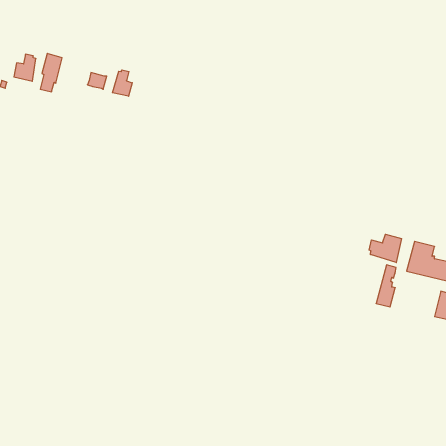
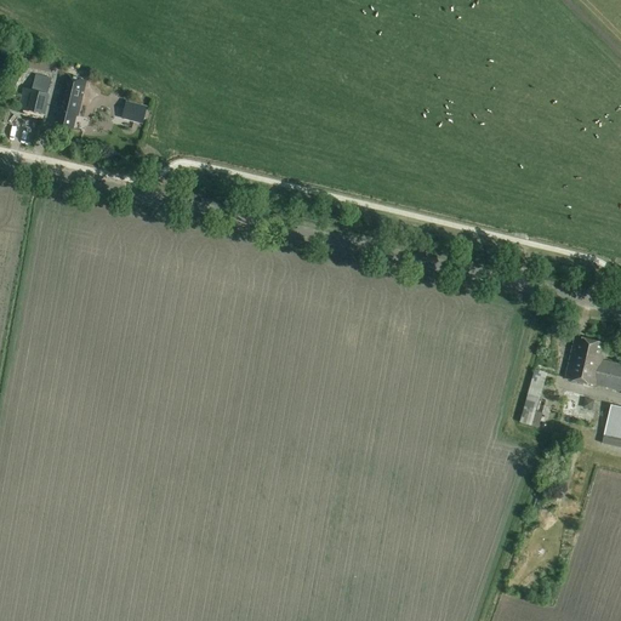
building: [112,70,132,96] -> none
building: [369,234,402,263] -> none

